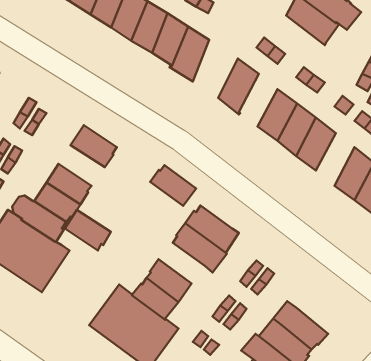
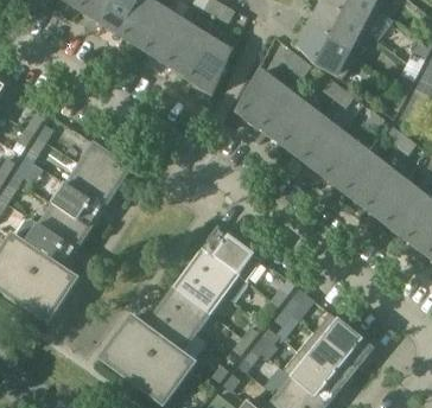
building: none -> [300,24,358,79]
building: none -> [261,87,303,144]
building: none -> [344,151,386,208]
building: [150,165,196,206] -> [174,269,224,313]
building: [65,210,111,251] -> [66,164,116,208]
building: none -> [313,313,371,368]

